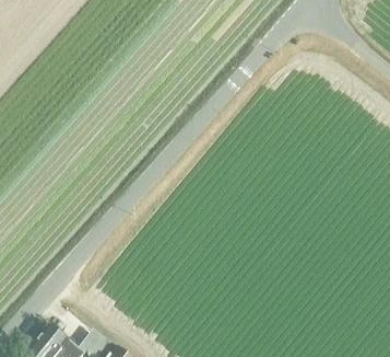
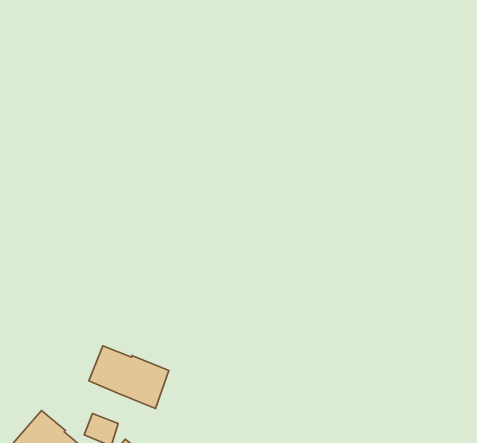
building: none -> [89,346,169,408]

